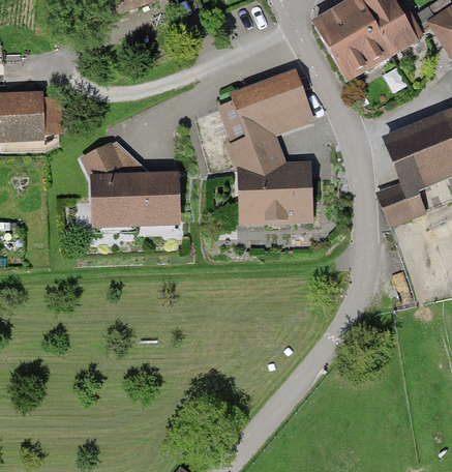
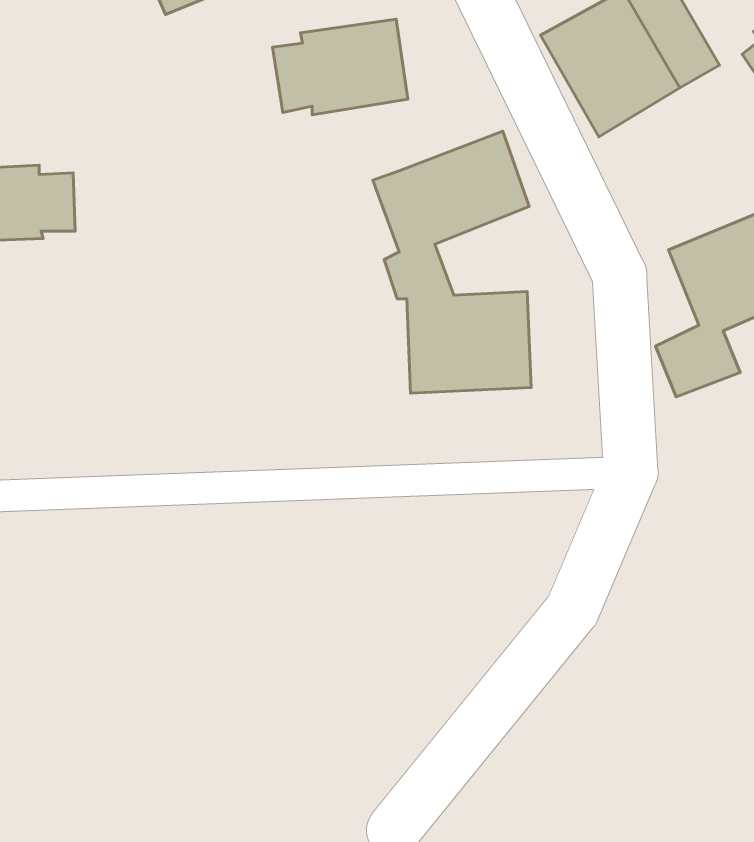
building: none -> [273,19,408,115]
building: [84,142,179,224] -> none

